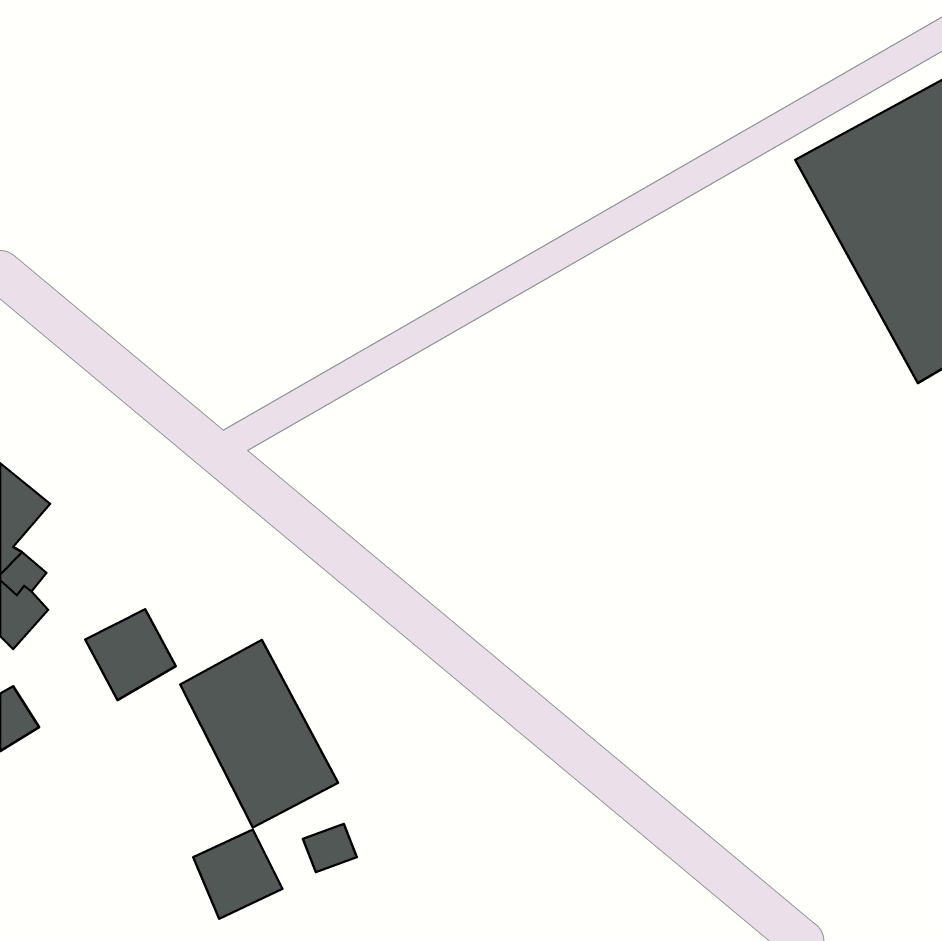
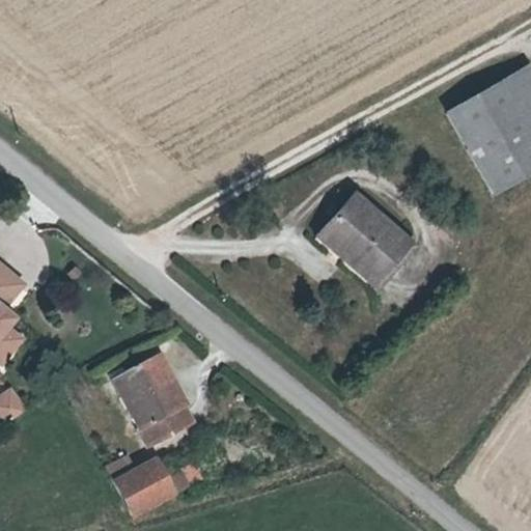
building: none -> [319,198,409,284]
building: [85,609,176,700] -> none

